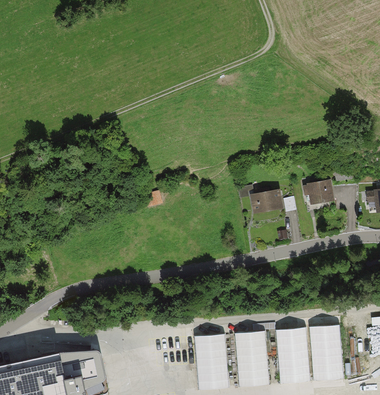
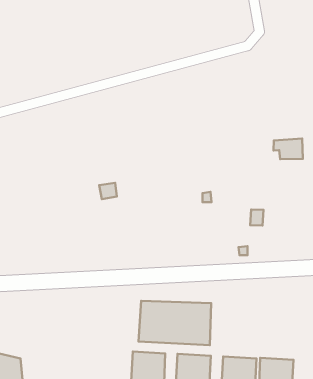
building: [304,182,332,203] -> [274,138,303,159]
building: [251,191,281,213] -> none
building: none -> [139,301,211,345]

